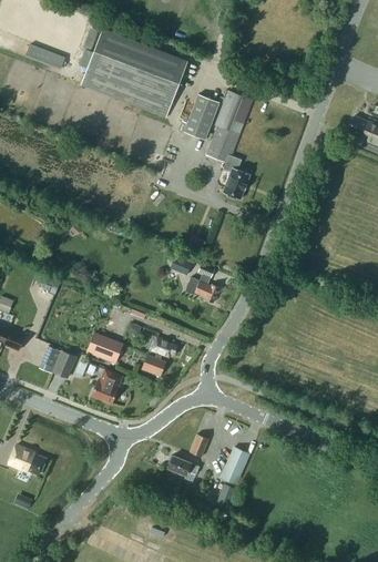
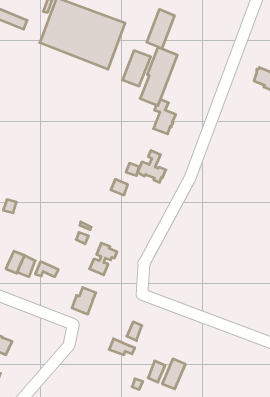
building: none -> [147,9,174,49]
building: [185,263,221,303] -> [138,150,166,182]
building: [86,331,123,362] -> none
building: [92,370,122,403] -> [72,287,96,314]
building: [221,447,249,484] -> [162,359,185,389]

